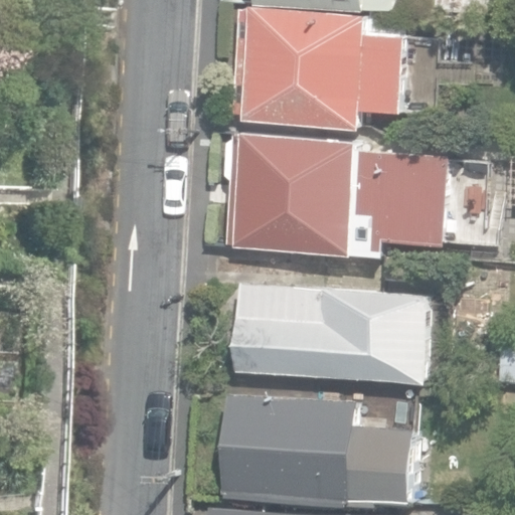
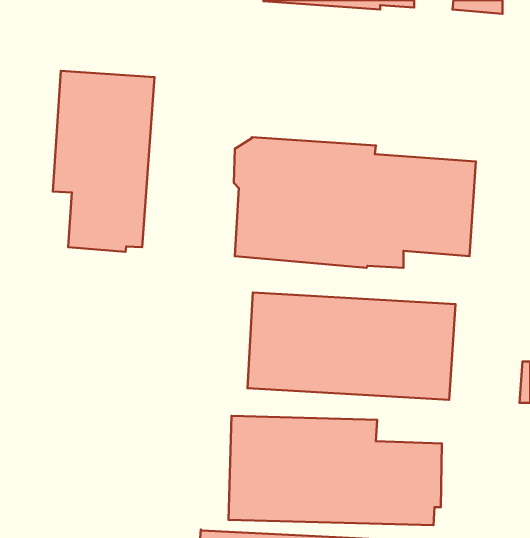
building: [229,9,403,131] -> none
building: none -> [53,71,155,252]

